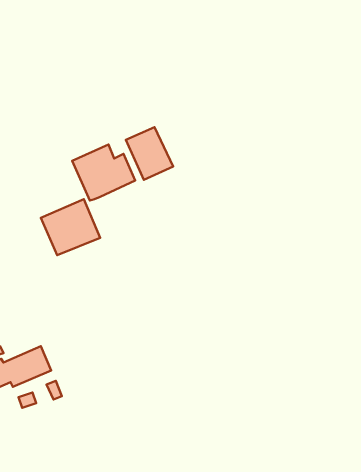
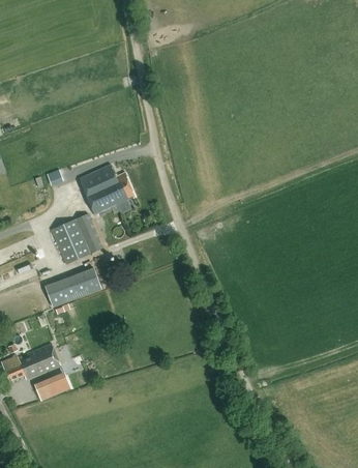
building: [126,127,173,180] -> none
building: none -> [47,268,100,306]

